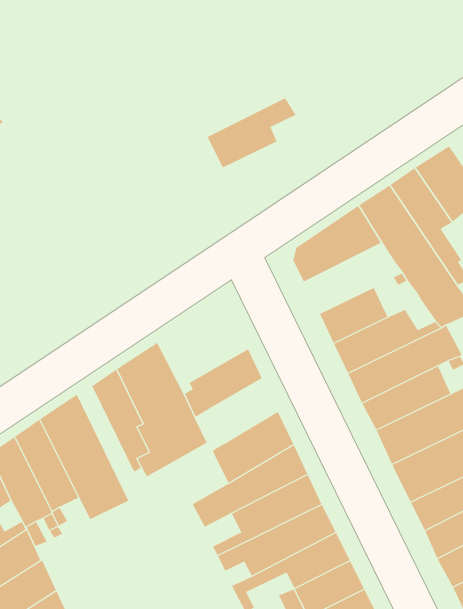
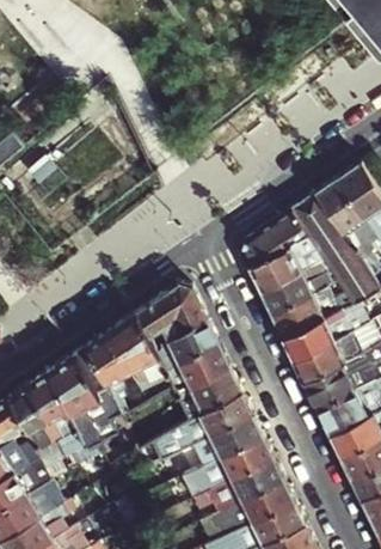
building: [207,97,296,168] -> [247,238,315,292]
building: none -> [136,285,205,353]
building: none -> [177,341,228,389]

